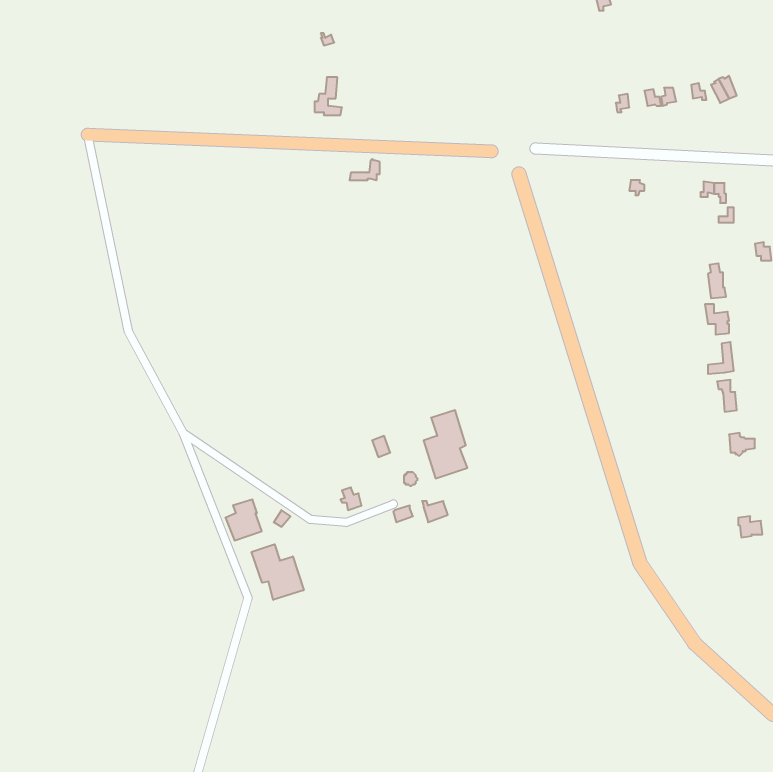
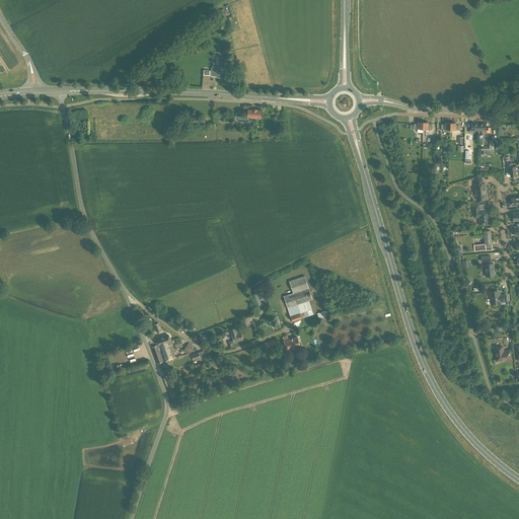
building: [252,544,304,600] -> none

